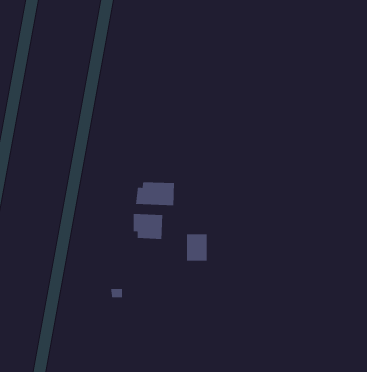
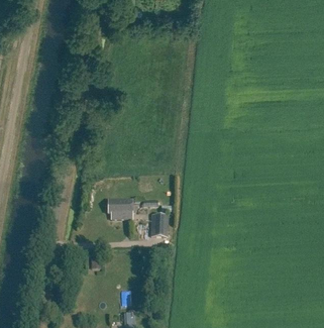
building: [135,181,175,206] -> none

